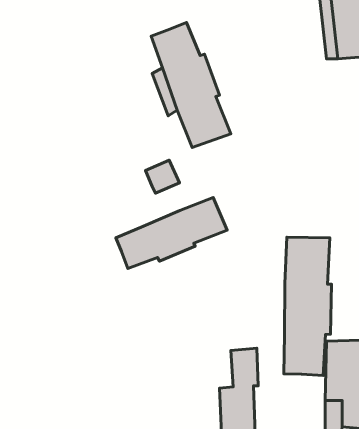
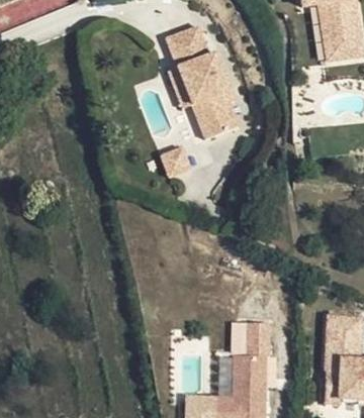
building: [116,198,227,268] -> none
building: [284,237,331,376] -> none

